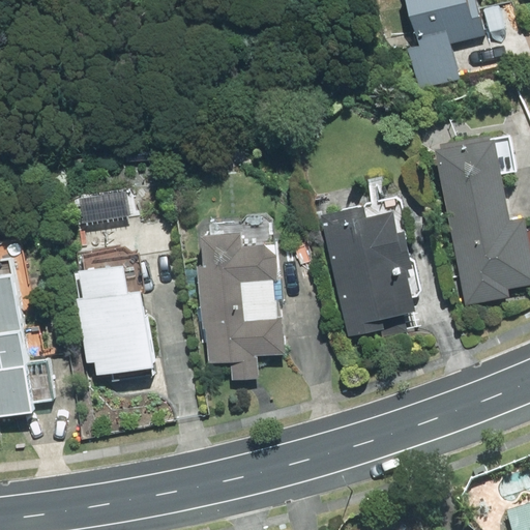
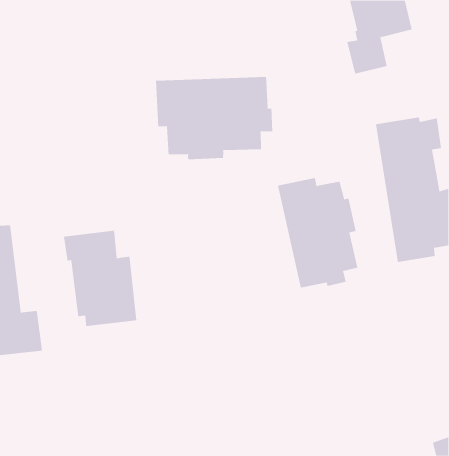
building: none -> [155,76,273,160]
building: [198,235,285,379] -> none

